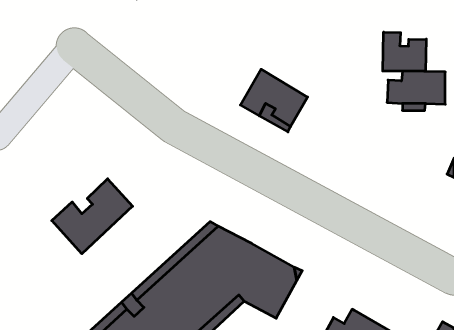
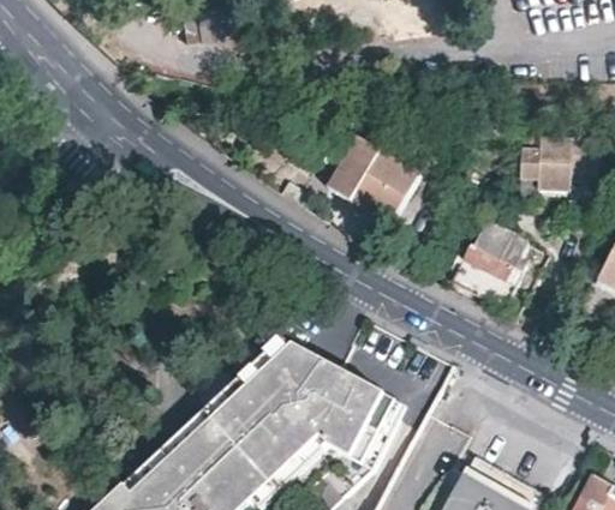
building: [383,32,426,71] -> none
building: none -> [452,223,525,306]
building: [52,179,133,254] -> none

